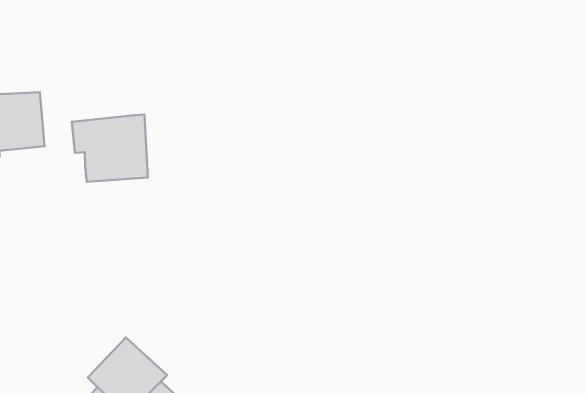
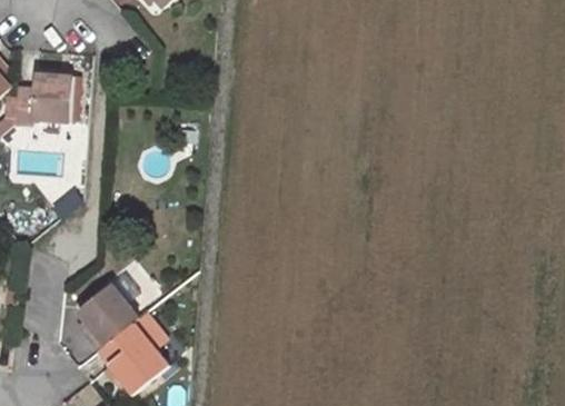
building: [72,115,148,182] -> none

